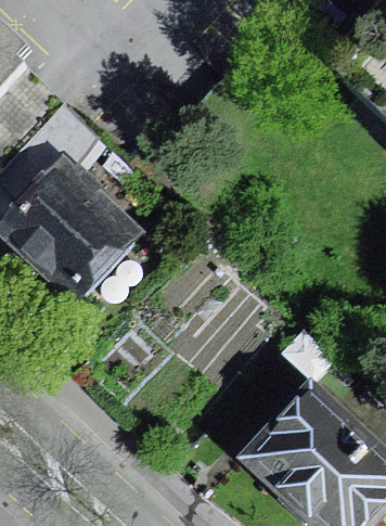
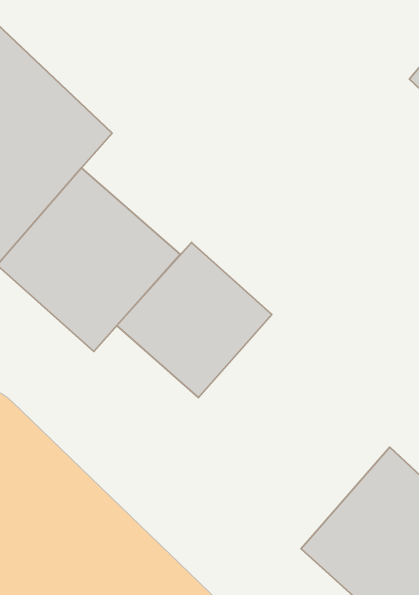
building: none -> [117,242,272,398]

